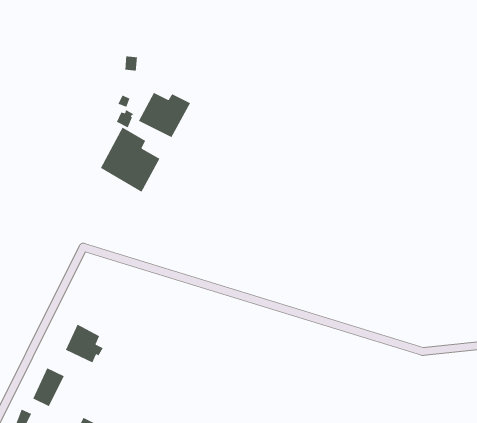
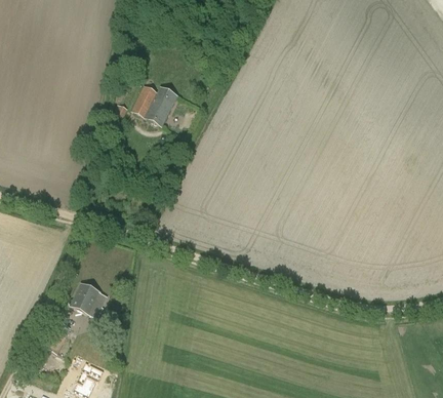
building: [100,127,160,193] -> none

